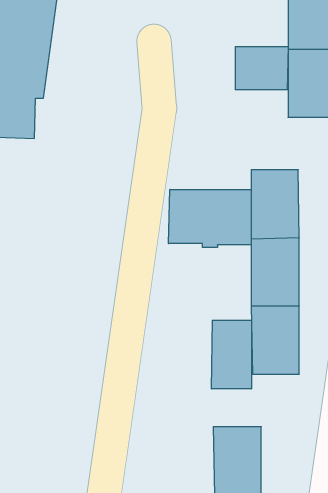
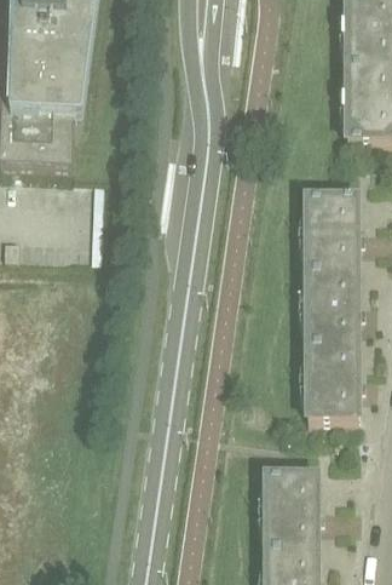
building: [235,47,288,90] -> none
building: [169,189,251,247] -> none
building: [212,320,251,389] -> none

